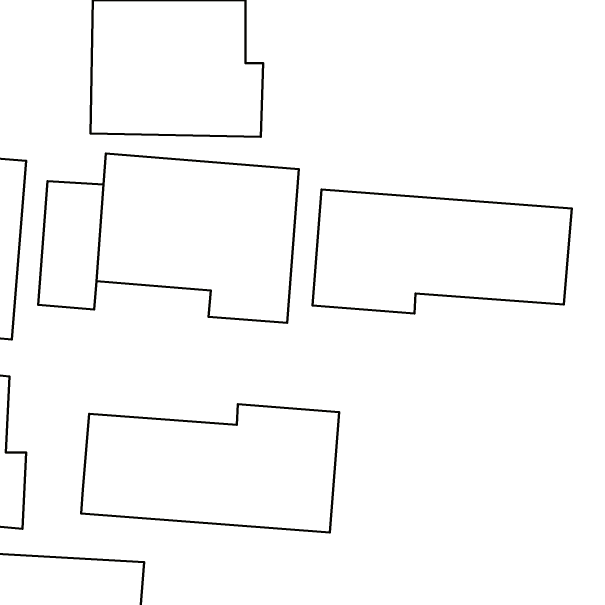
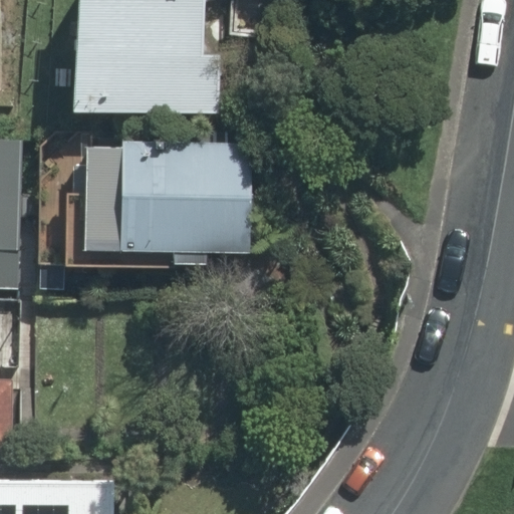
building: [312,190,572,313] -> none
building: [81,404,339,532] -> none

